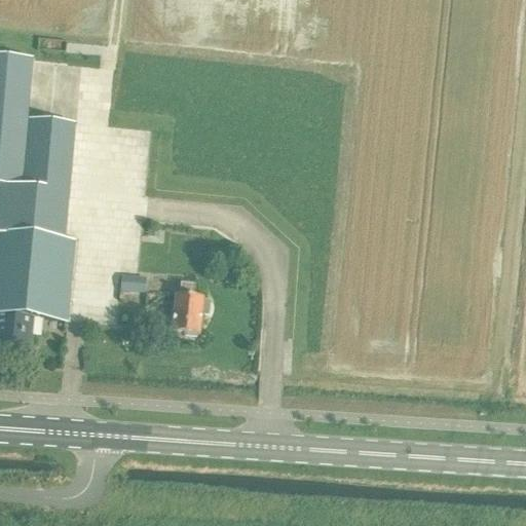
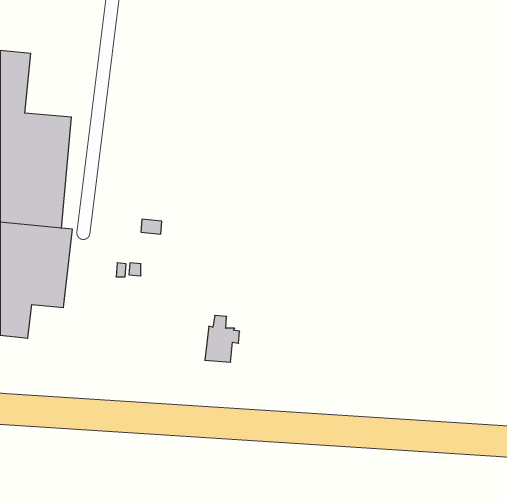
building: [173,281,209,330] -> [205,315,240,362]

